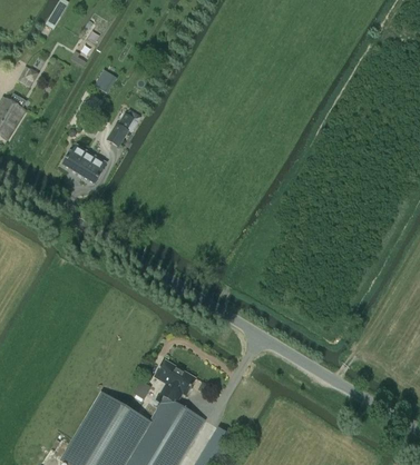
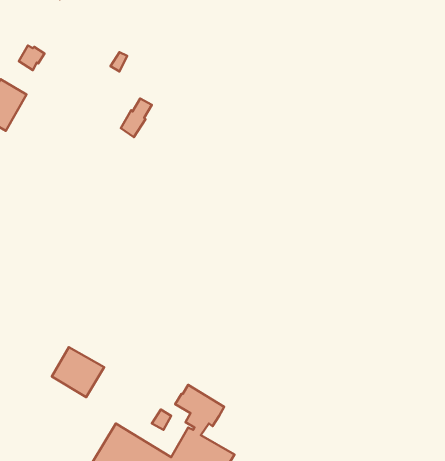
building: [62,144,106,182] -> none
building: none -> [52,347,104,397]

